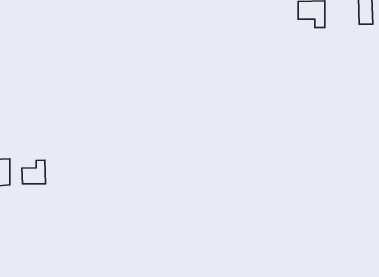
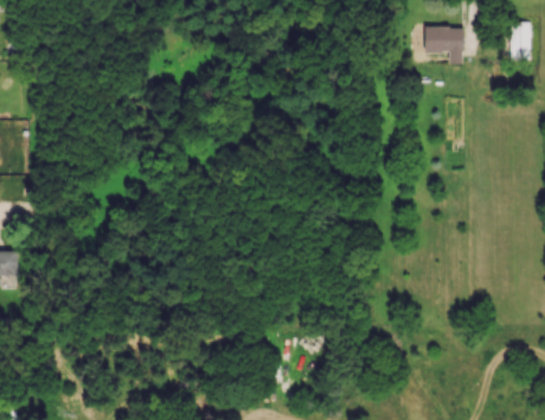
building: [22,160,45,184] -> none

